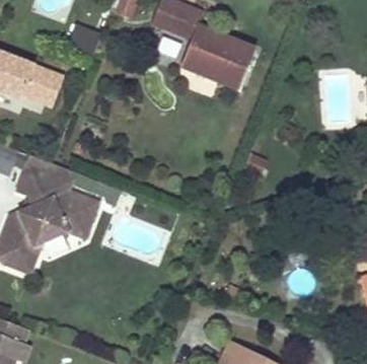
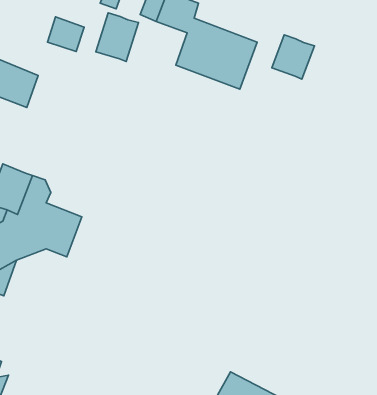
building: none -> [96,13,139,61]
building: none -> [272,35,314,79]

